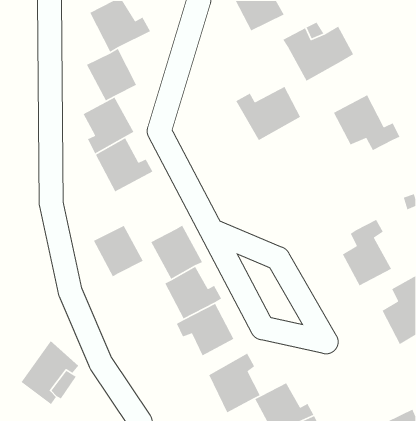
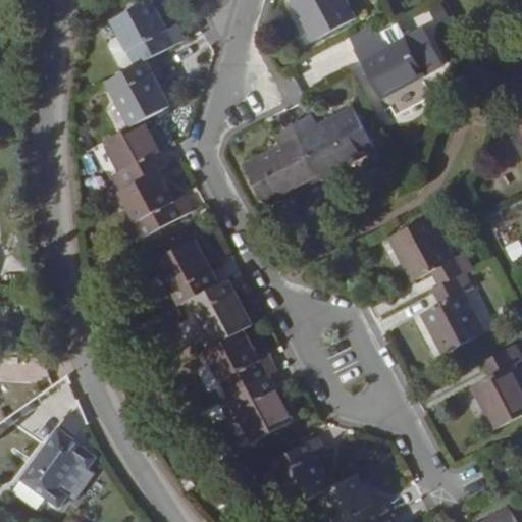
building: [333,94,401,151] -> [390,214,474,284]
building: none -> [244,125,319,205]
building: [93,225,144,278] -> [154,239,217,304]

